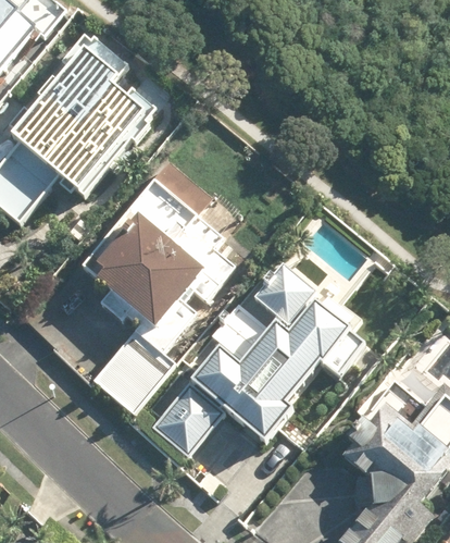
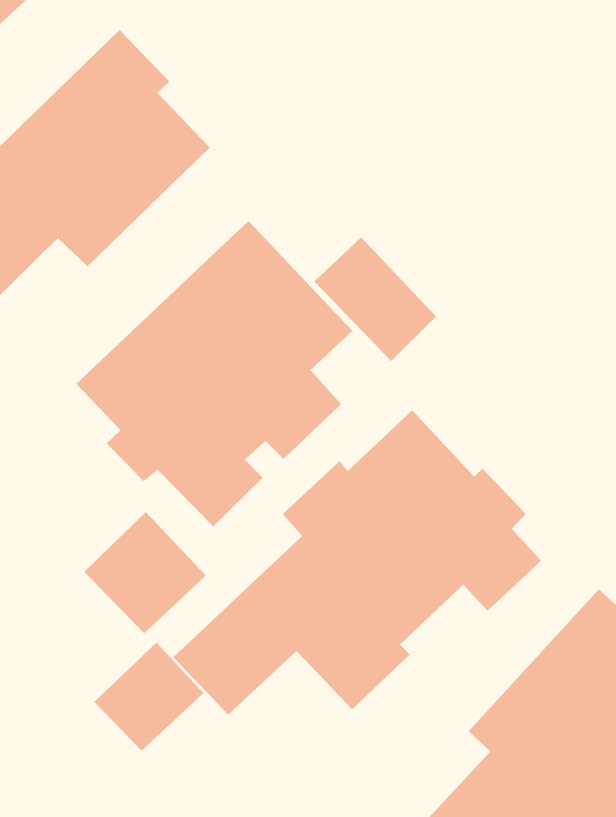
building: none -> [314,236,437,362]
building: none -> [94,642,204,752]

